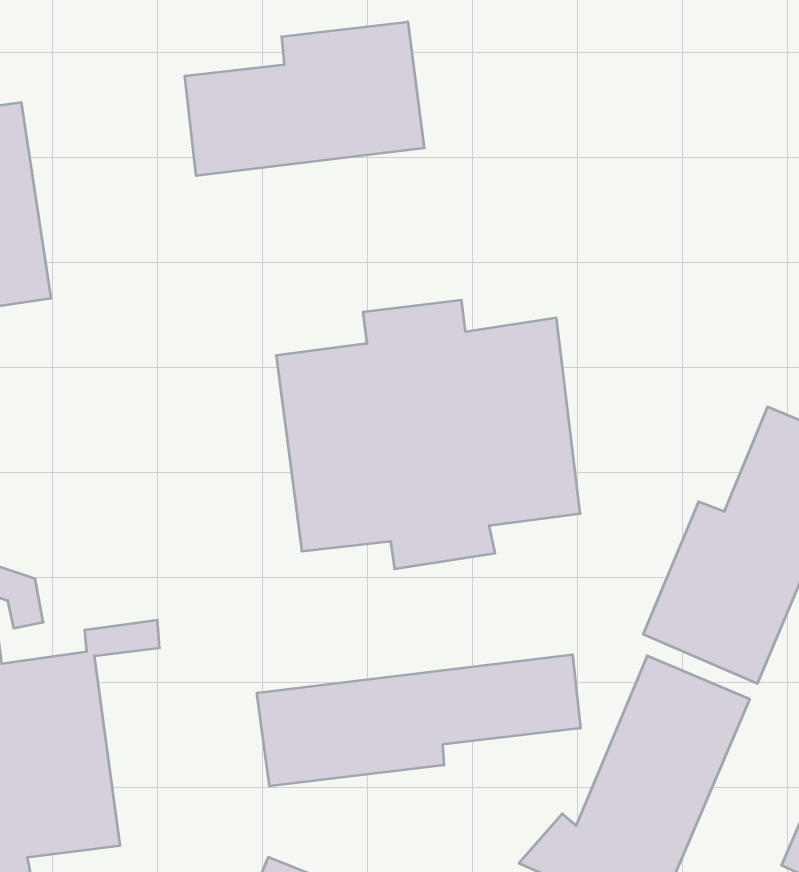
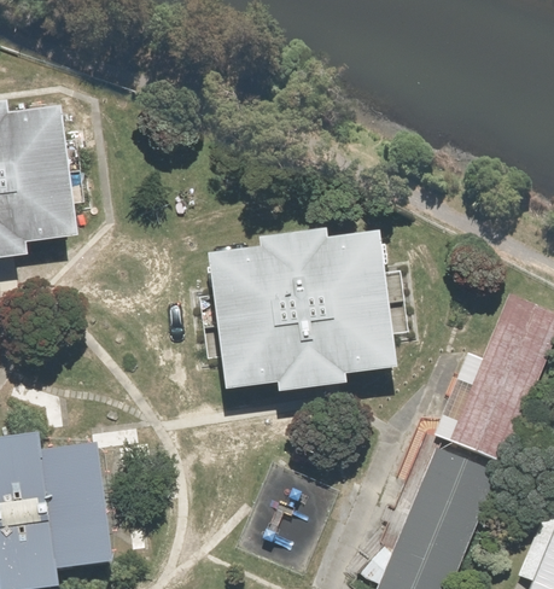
building: [185,22,424,176] -> none
building: [257,655,580,786] -> none

